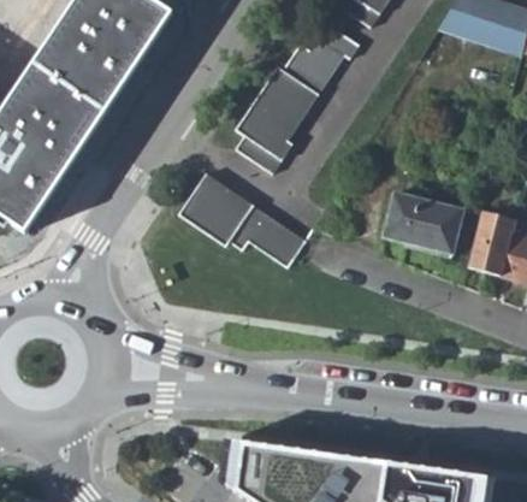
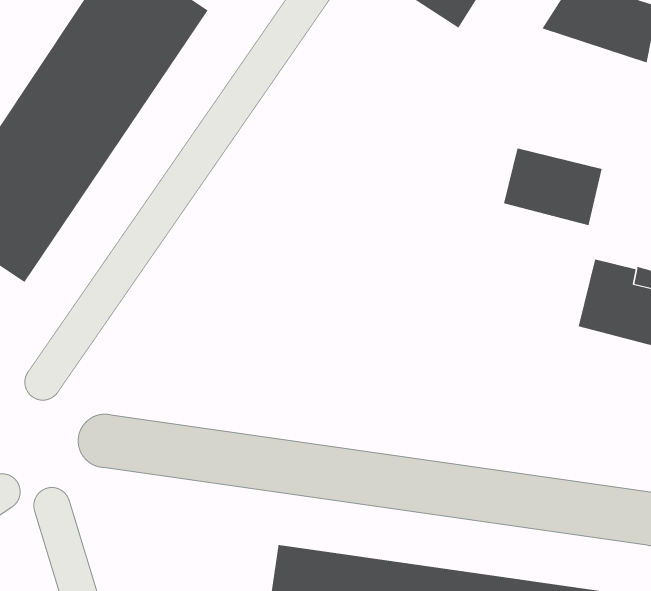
building: [235,26,360,173] -> none
building: [179,172,306,267] -> none
building: [384,191,463,254] -> [503,148,603,226]

